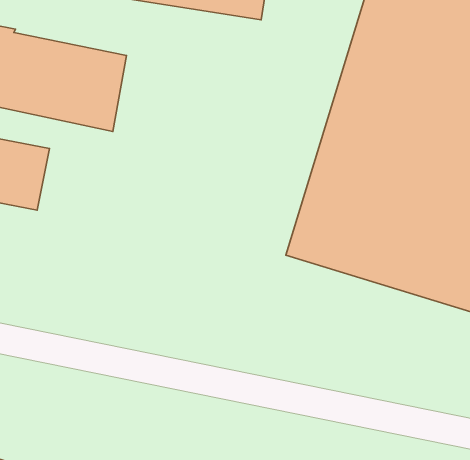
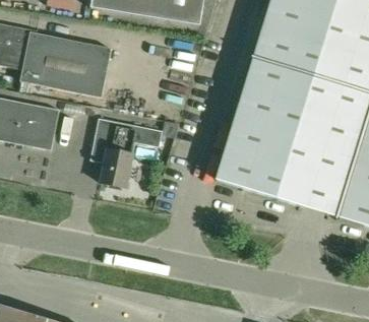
building: none -> [94,117,163,187]

